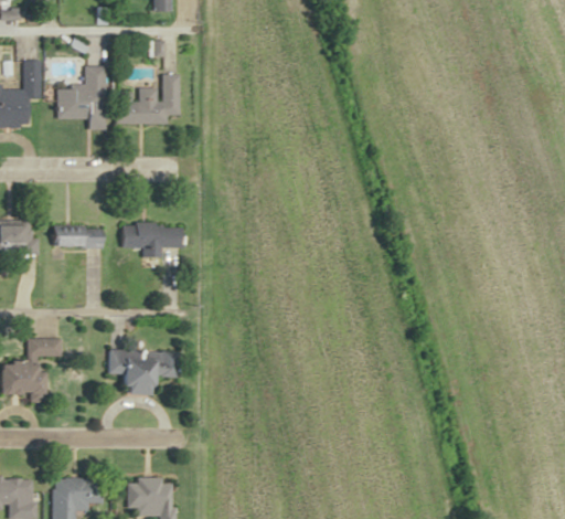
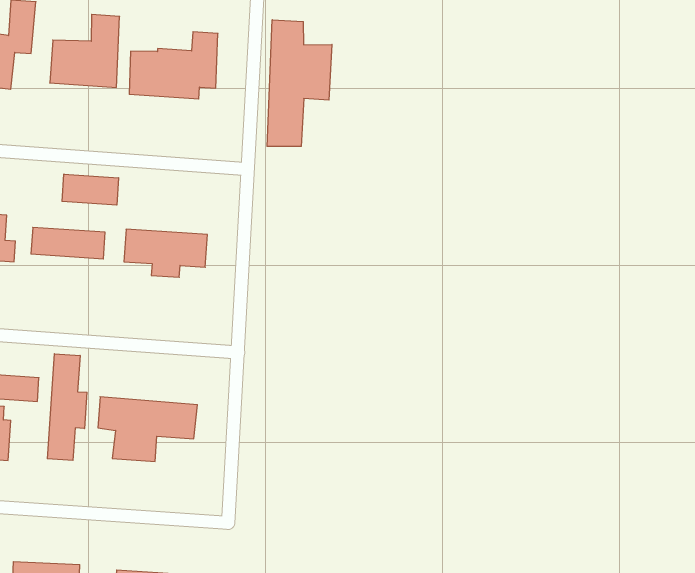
building: none -> [267,20,332,146]
building: none -> [62,174,119,205]
building: none -> [47,354,87,460]

